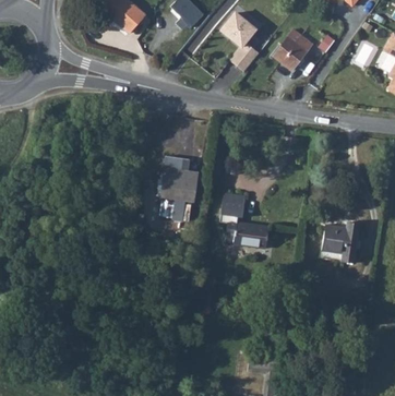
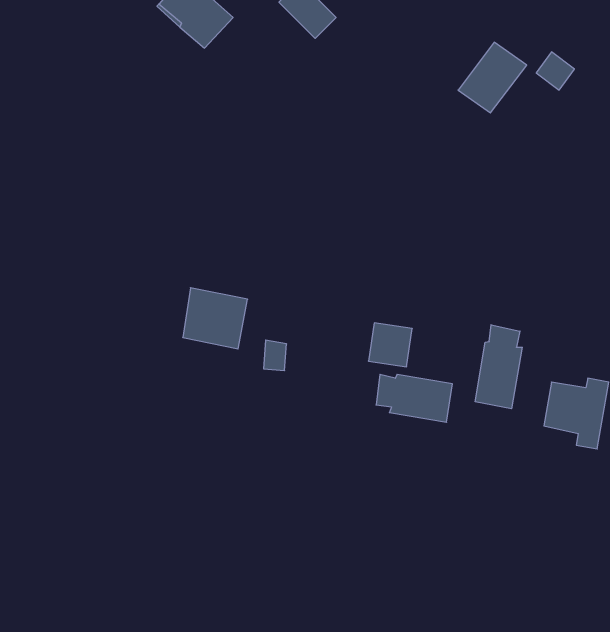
building: [219,12,258,71] -> none
building: [160,164,198,199] -> [183,288,248,349]
building: none -> [475,325,522,409]

